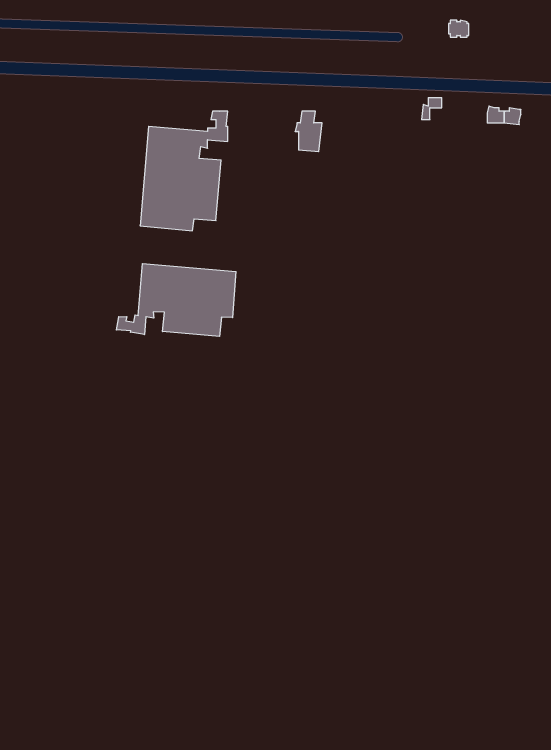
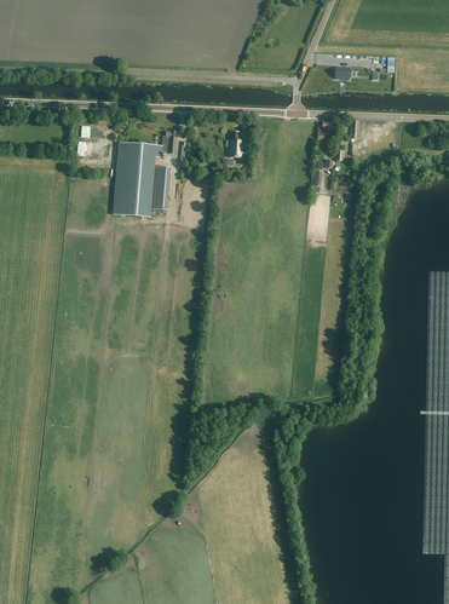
building: [116,264,236,336] -> none

